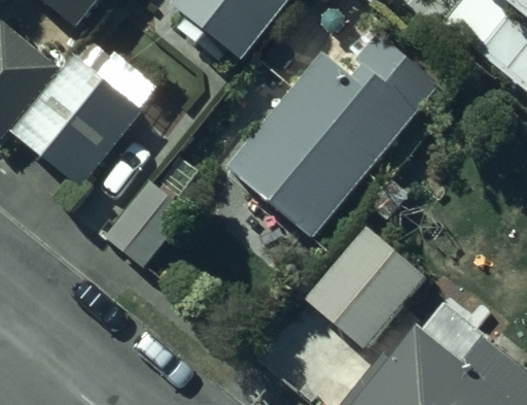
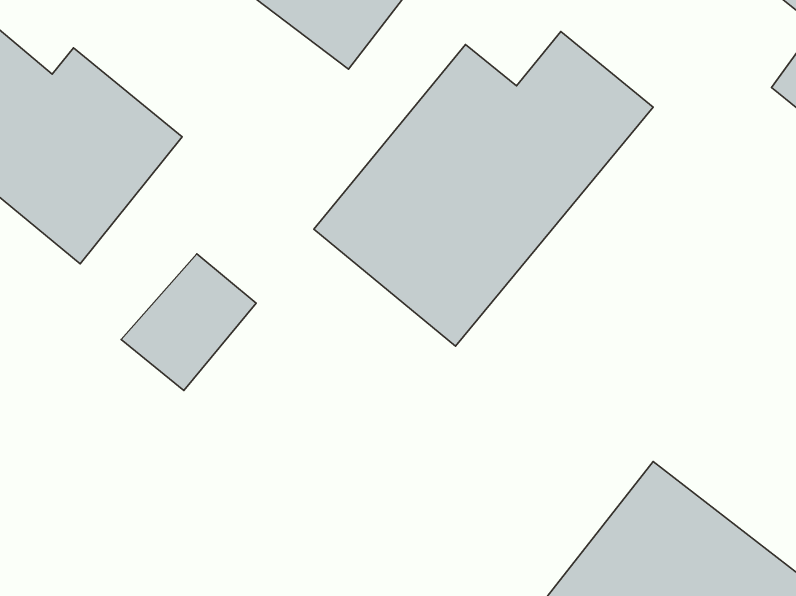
building: [300,223,427,351] -> none

